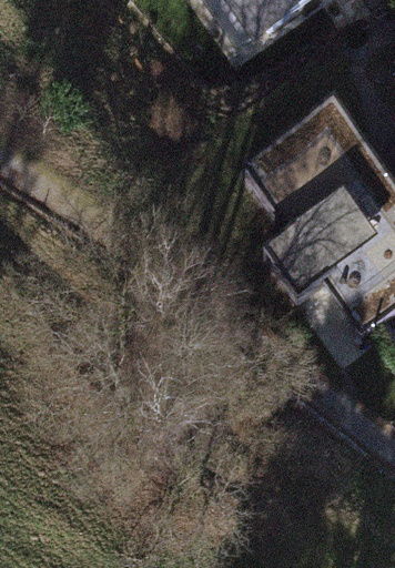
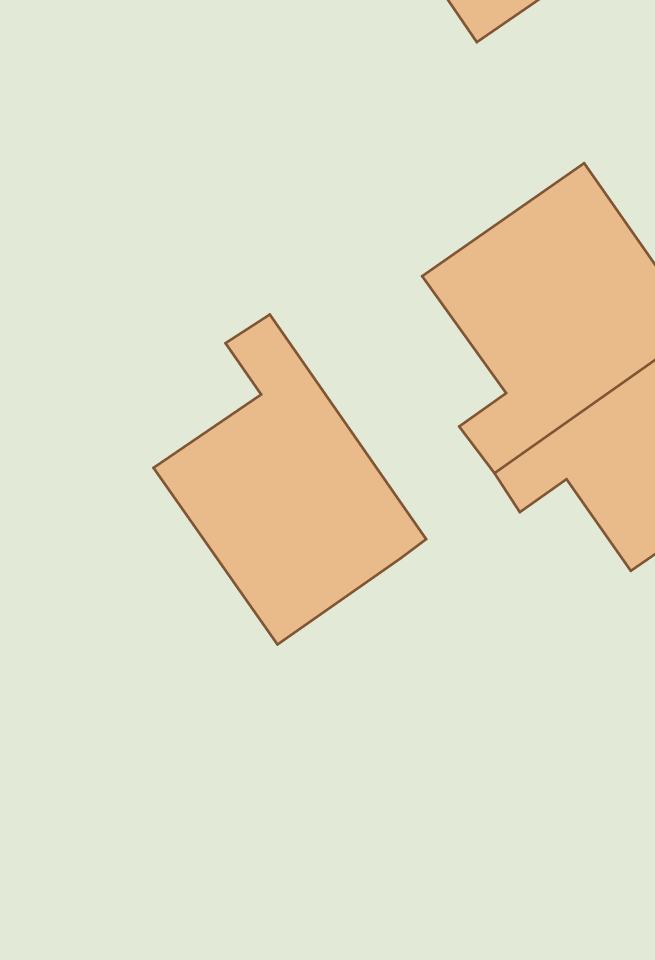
building: none -> [154,314,426,645]

